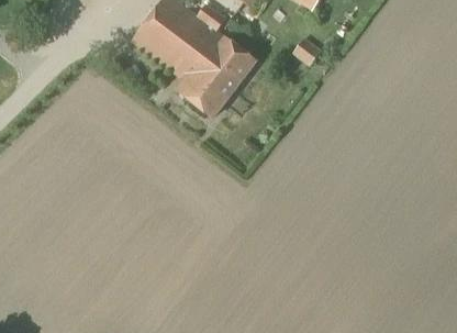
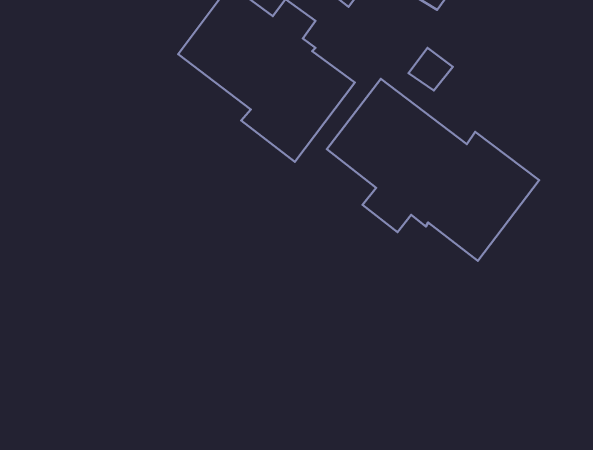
building: none -> [327,79,539,261]

